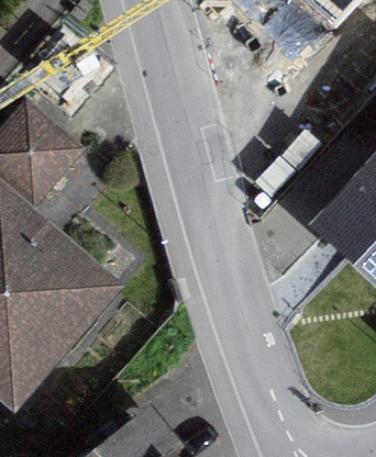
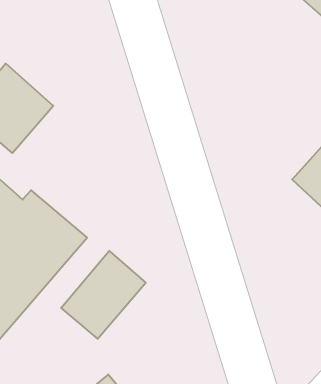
building: none -> [61,251,146,339]

